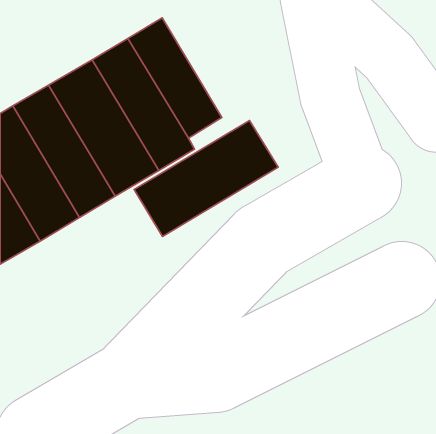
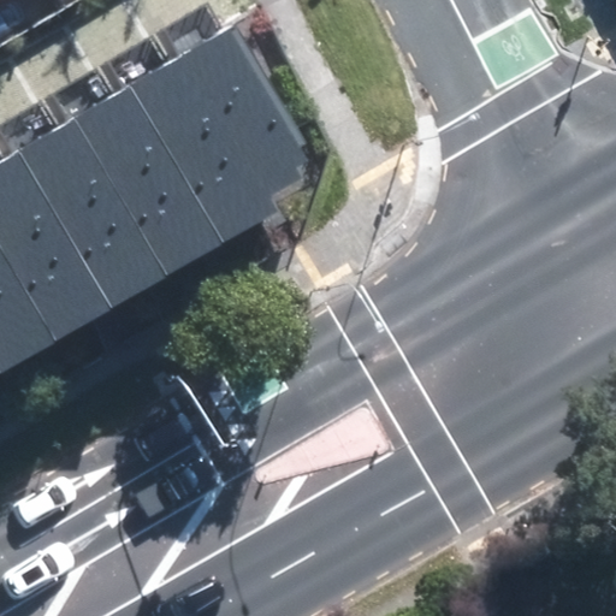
building: [134,120,278,236] -> none

